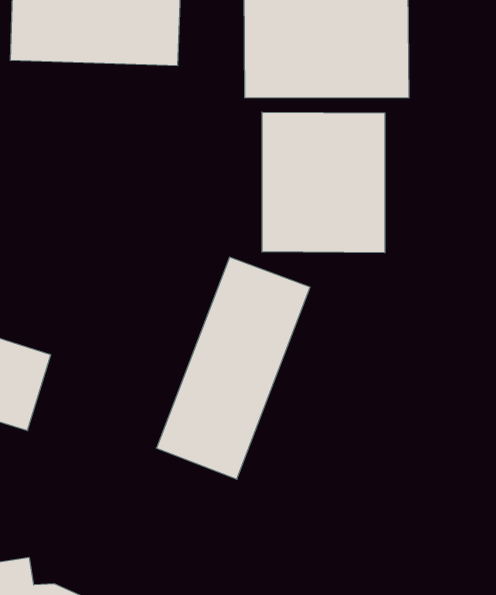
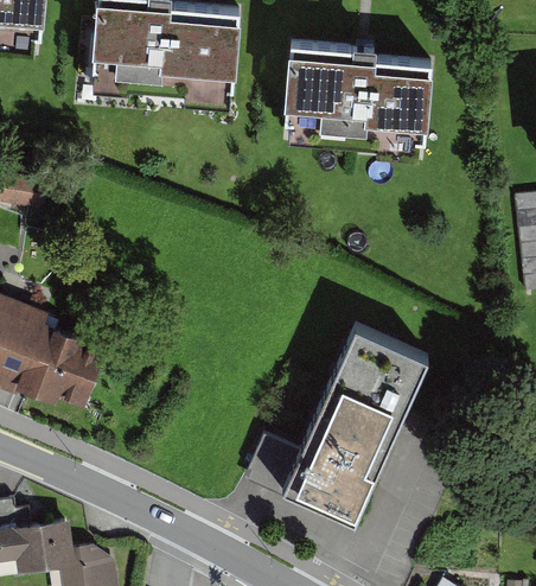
building: [262,112,385,253] -> none
building: [156,257,310,479] -> [286,329,426,520]

